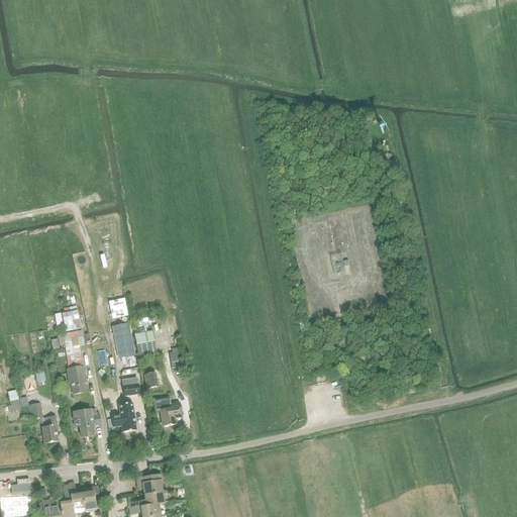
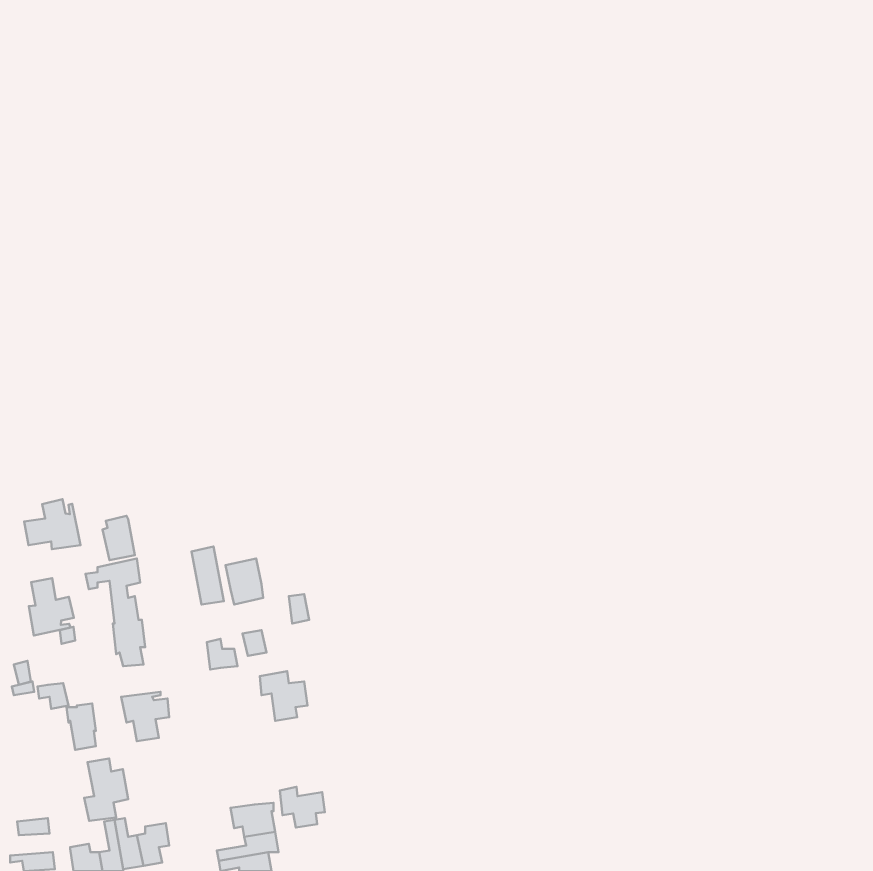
building: none -> [24,499,80,549]
building: none -> [29,578,74,636]
building: [112,403,135,431] -> none
building: none -> [84,759,128,821]
building: none -> [280,787,325,827]

